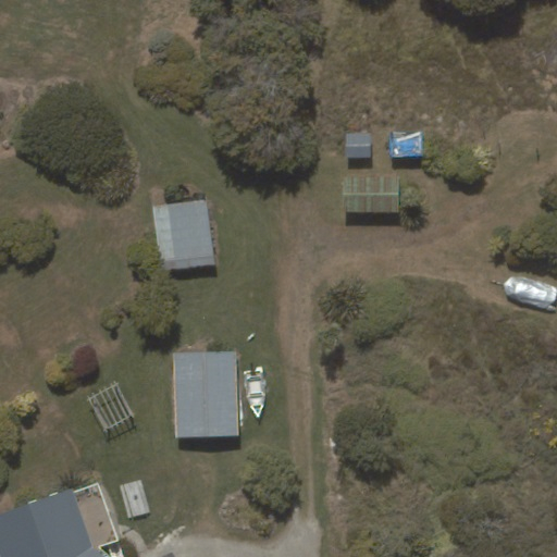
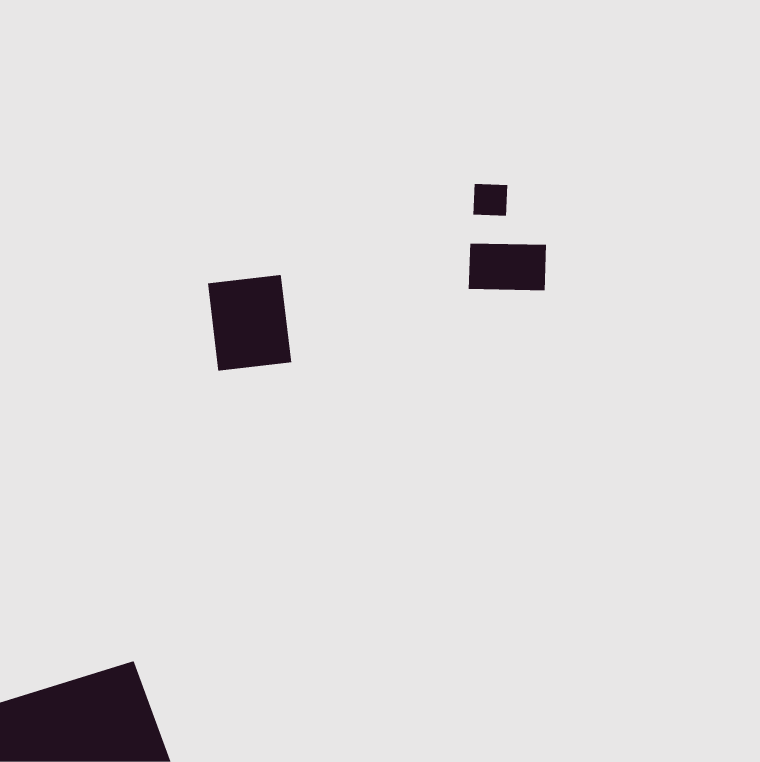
building: [172,351,238,437] -> none

